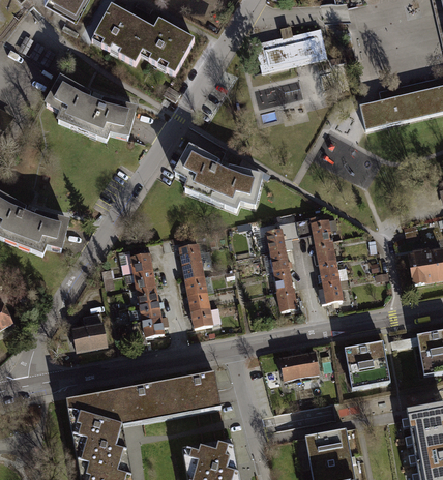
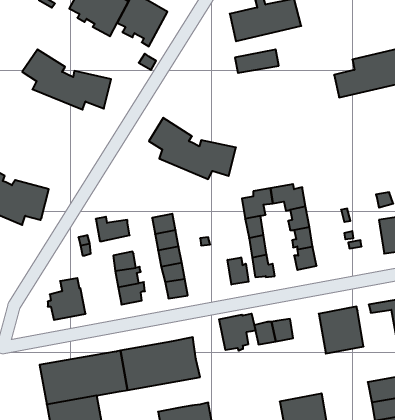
building: [126,267,157,288] -> none
building: none -> [228,257,249,285]
building: none -> [219,314,255,351]

